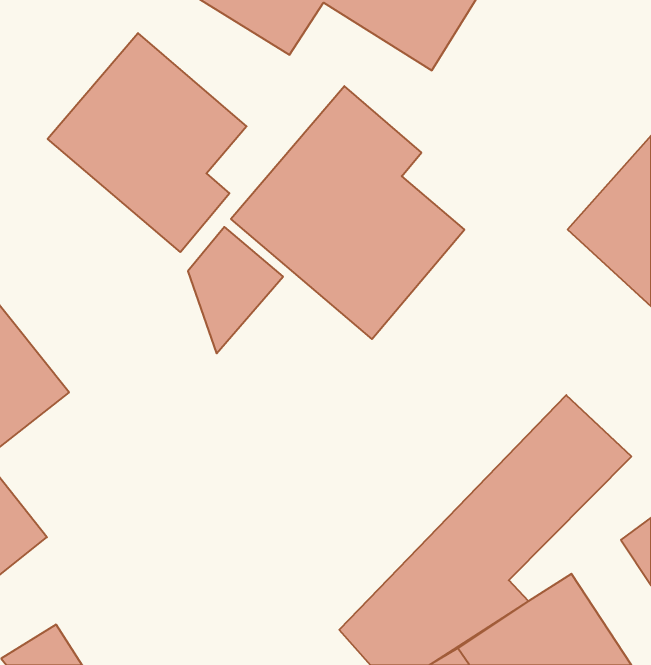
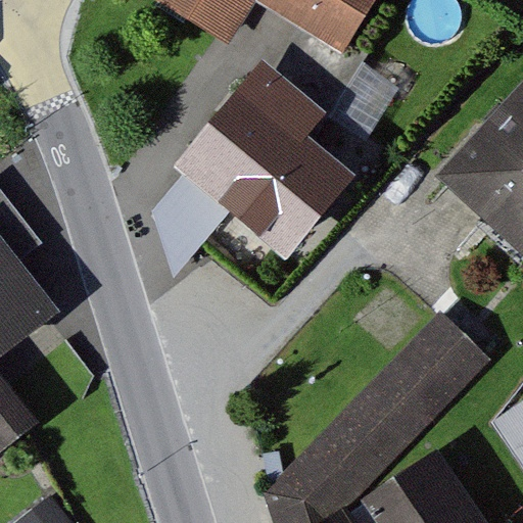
building: [48,33,247,252] -> none

